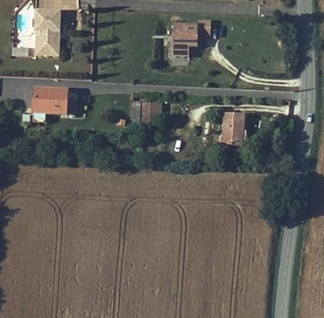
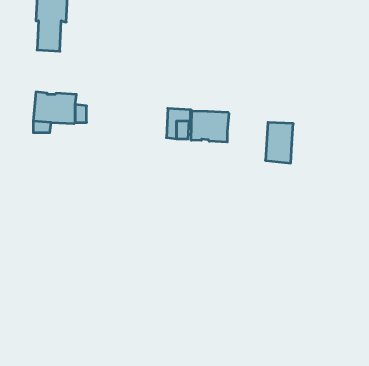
building: [172,17,210,53] -> none
building: none -> [191,111,229,142]

